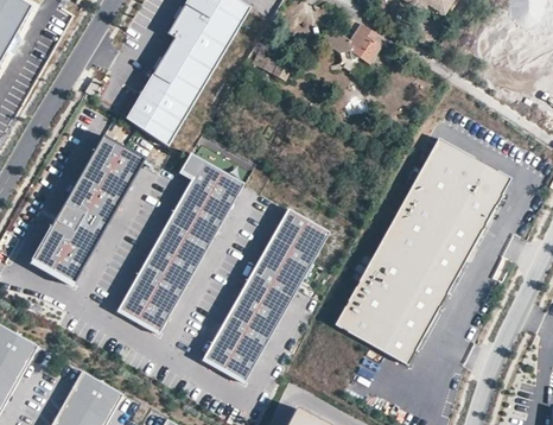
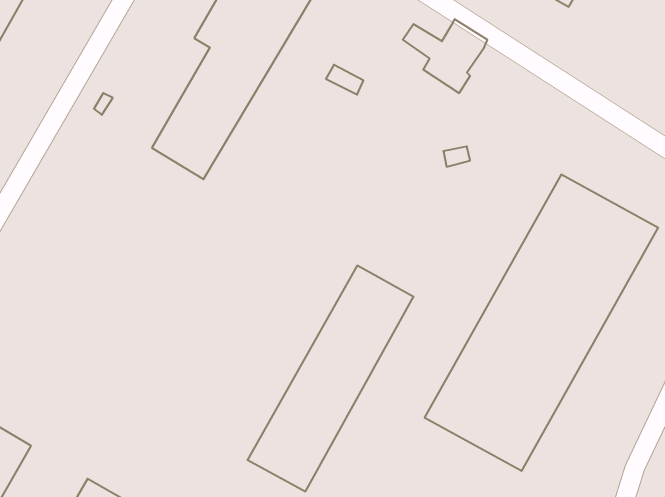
building: [31,135,144,286] -> none
building: [121,151,243,330] -> none

